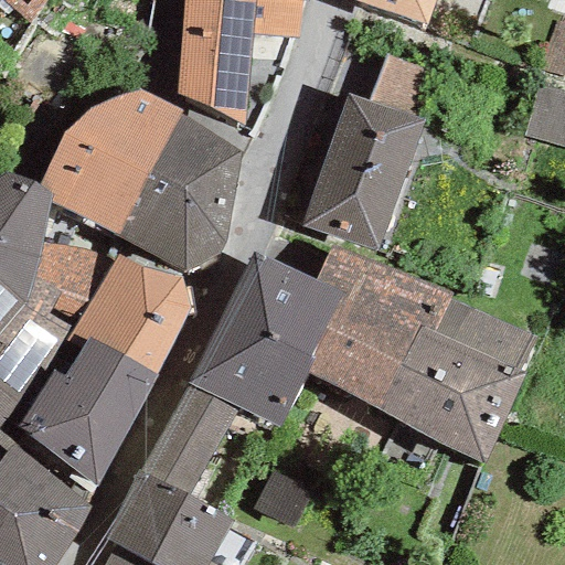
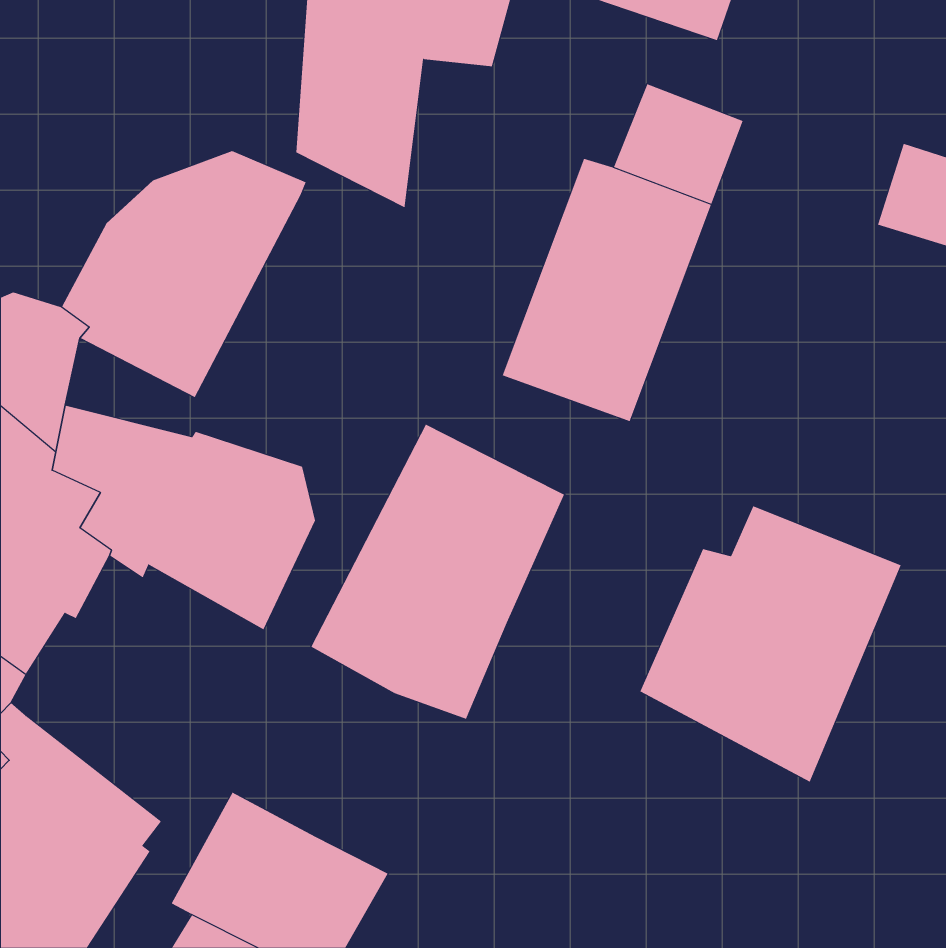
building: [118,110,252,273] -> none
building: [303,246,452,411] -> none
building: [18,335,159,488] -> none
building: [140,384,236,497] -> none

